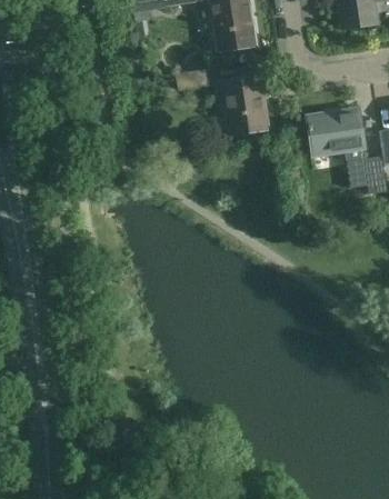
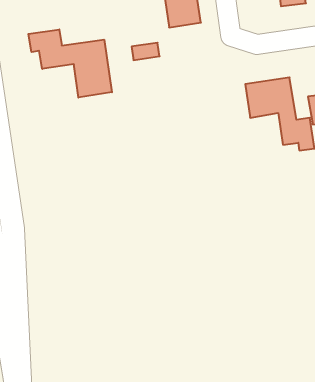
building: none -> [28,29,112,98]
building: [217,77,268,134] -> none

